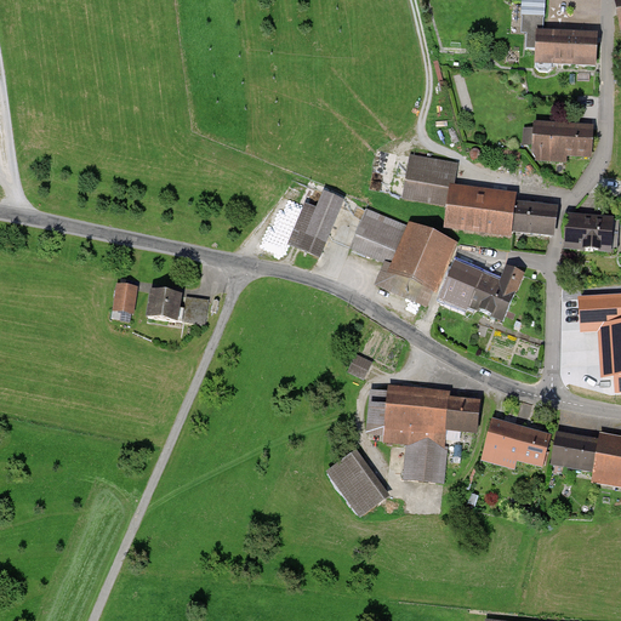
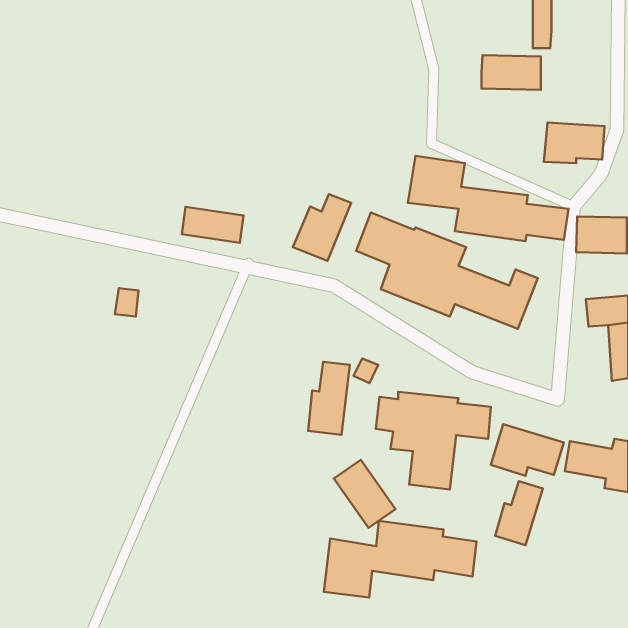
building: [540,30,598,64] -> [481,55,541,90]
building: [147,289,207,324] -> [182,207,244,243]
building: none -> [308,362,350,435]
building: none -> [495,481,543,545]
building: none -> [324,521,477,598]

